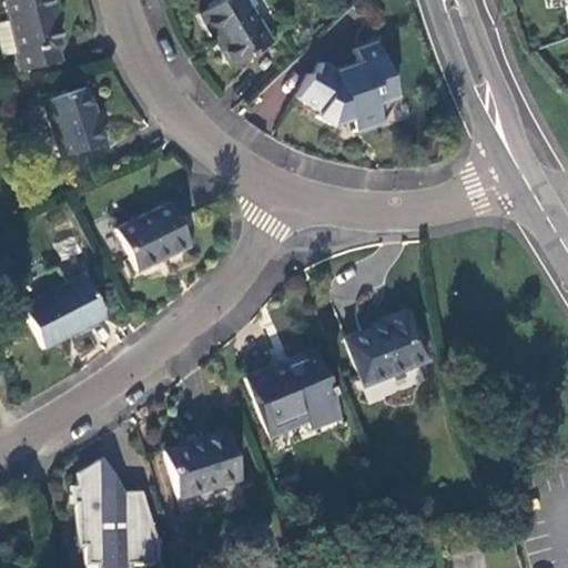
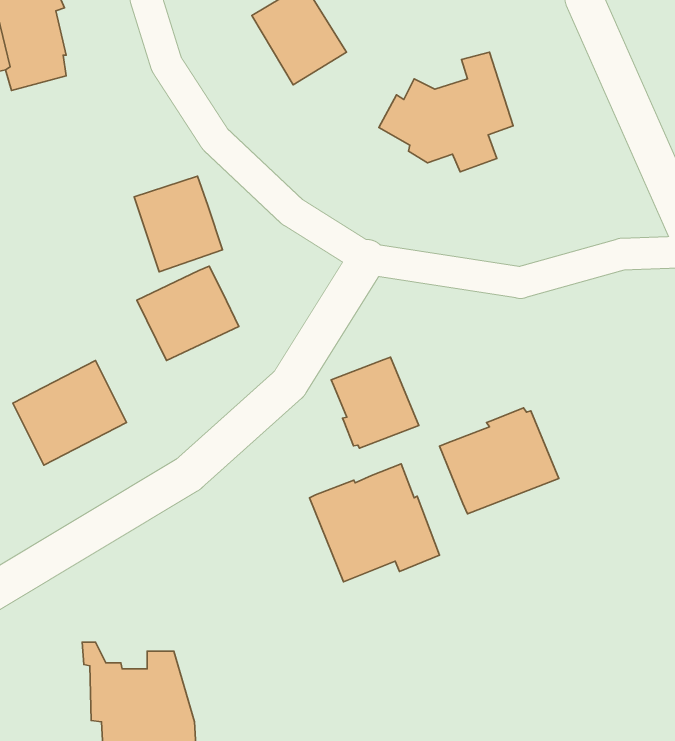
building: [42,87,109,159] -> [134,176,223,272]
building: none -> [331,357,419,448]
building: [163,429,243,500] -> none
building: [79,457,126,505] -> none

